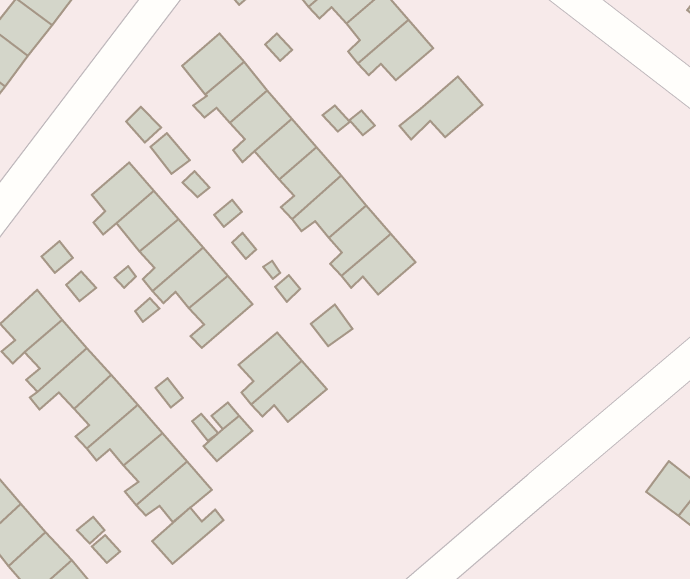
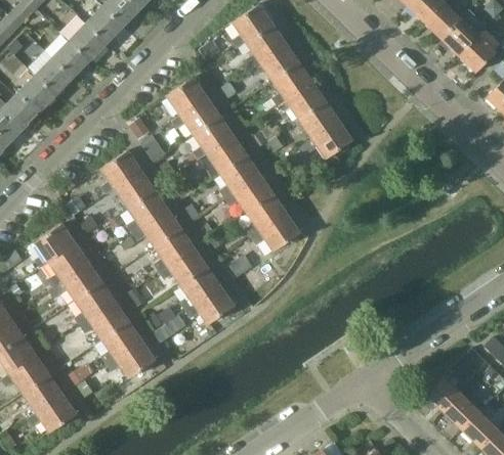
building: none -> [300,101,339,138]
building: none -> [160,247,208,284]
building: [152,508,223,564] -> none

